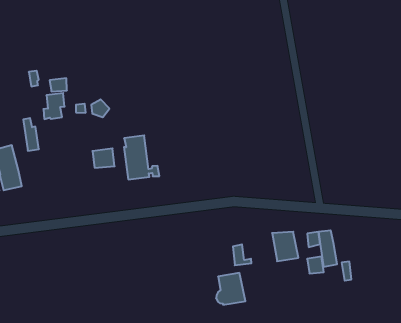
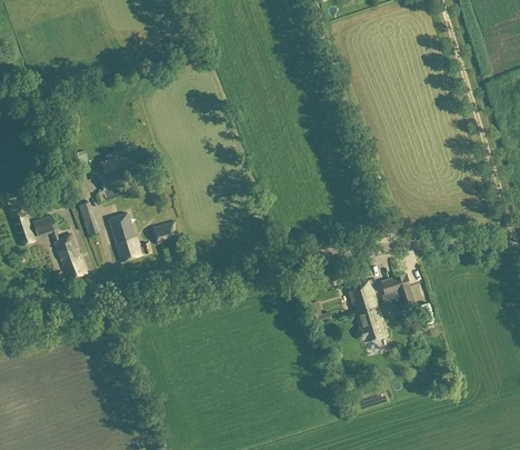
building: [124,135,159,179] -> [110,214,151,261]
building: [216,273,245,305] -> [356,307,387,341]

